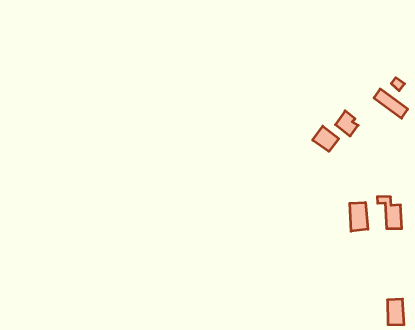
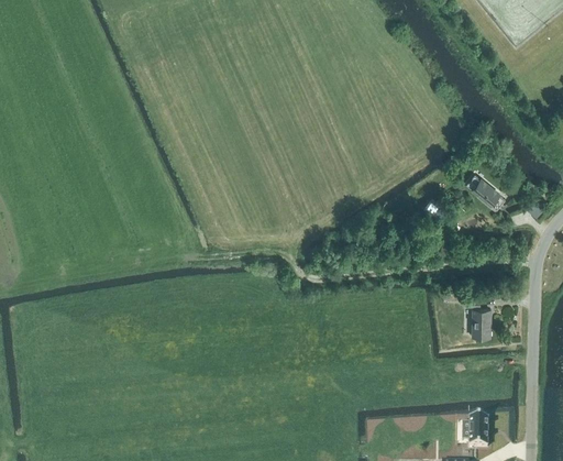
building: [313,126,339,151] -> none
building: [350,202,368,231] -> none

